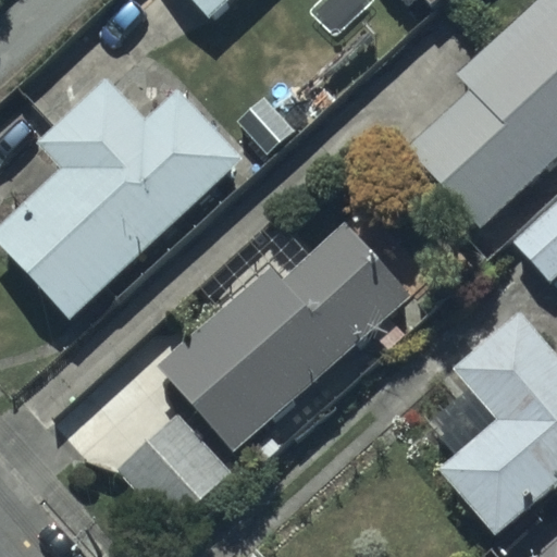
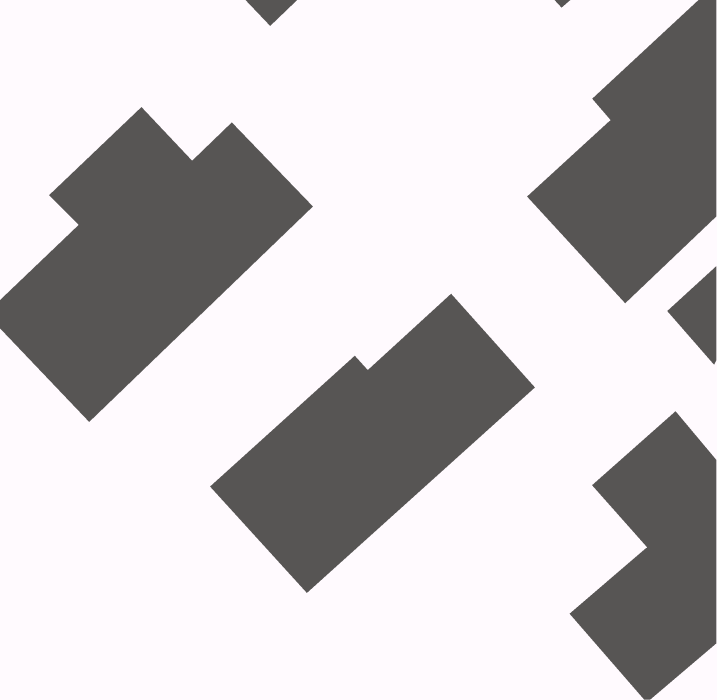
building: [115,413,233,531] -> none

